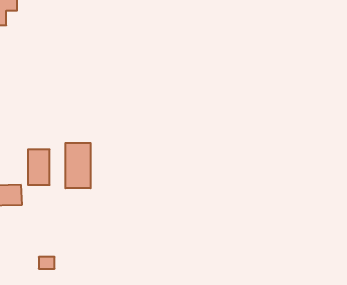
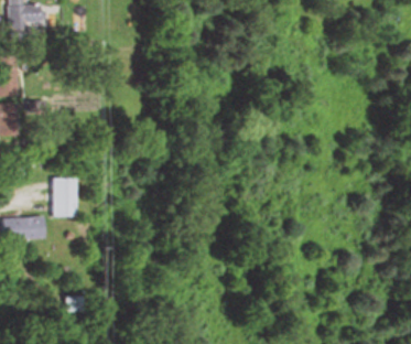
building: [65,143,91,188] -> none

